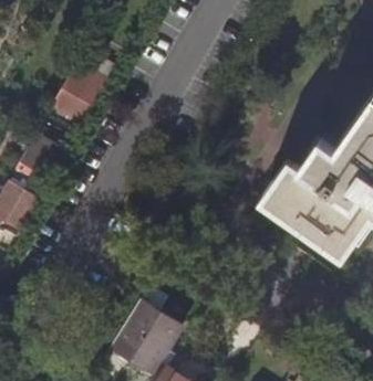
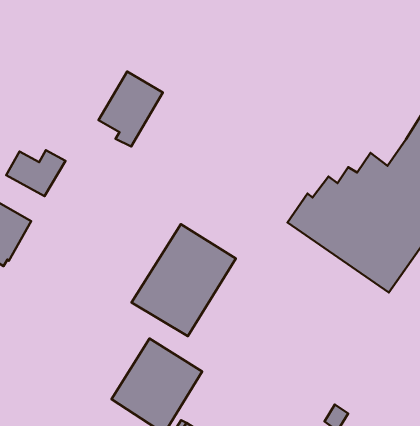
building: [52,62,106,125] -> [98,72,163,147]
building: none -> [131,224,236,336]

